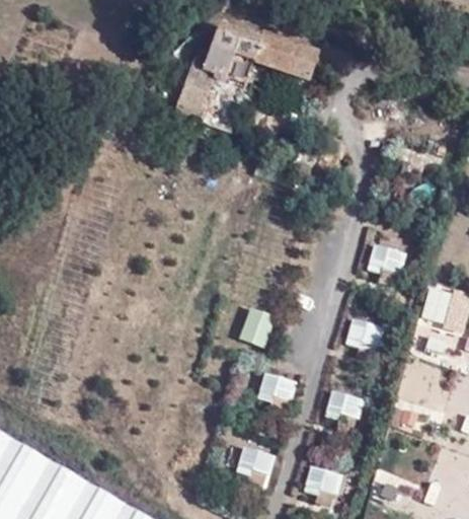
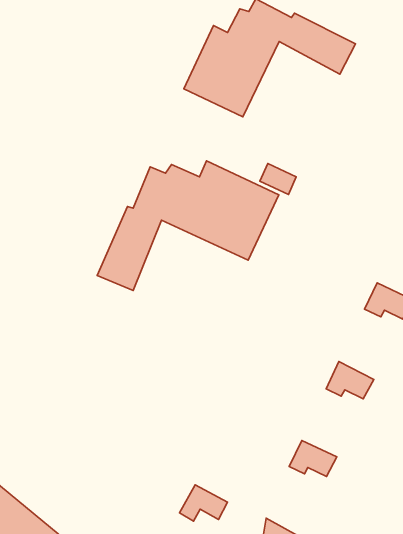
building: none -> [97,161,279,291]
building: [238,305,276,348] -> none
building: [257,371,298,401] -> none

